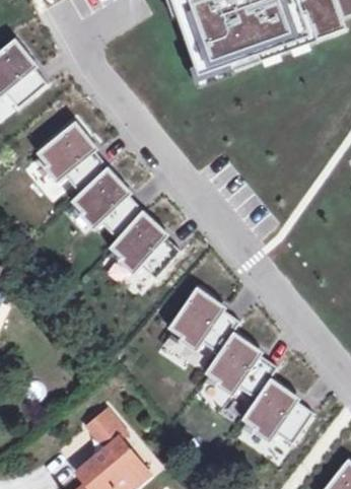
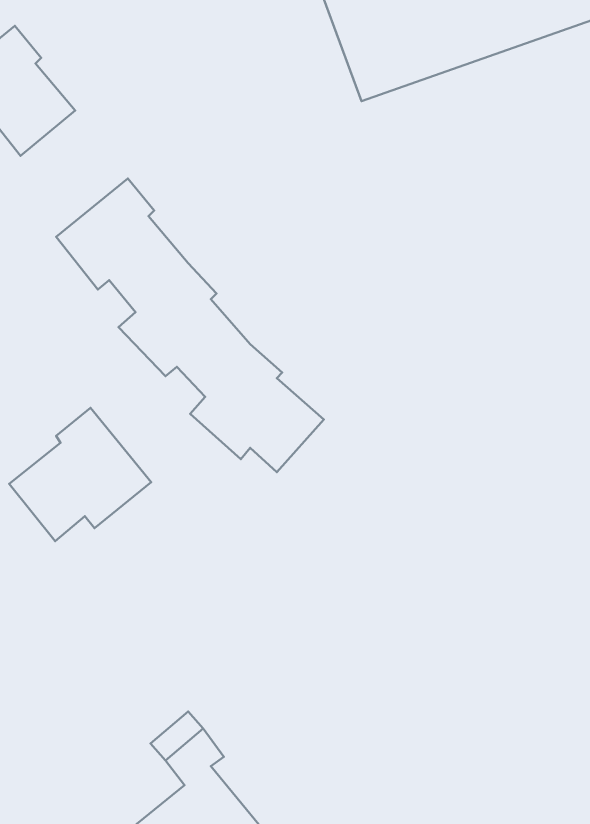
building: none -> [9,408,151,541]
building: [167,286,312,444] -> none

